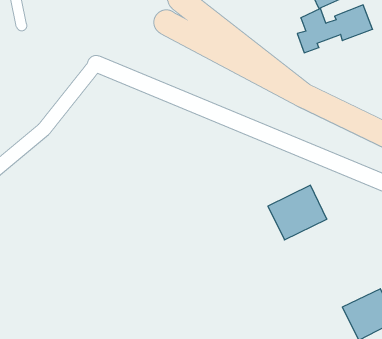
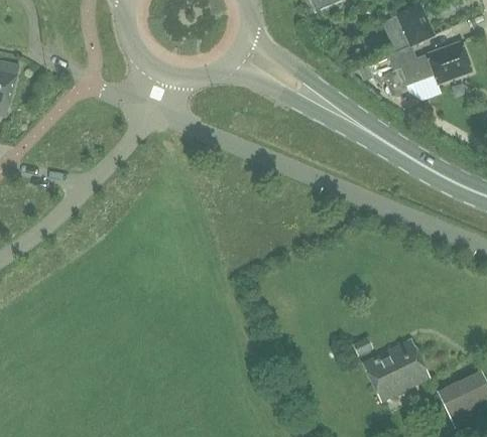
building: [268,185,327,240] -> [361,338,430,402]

